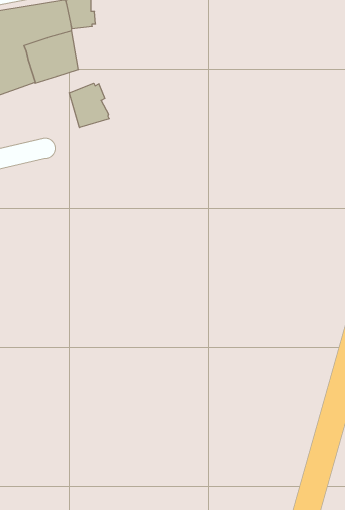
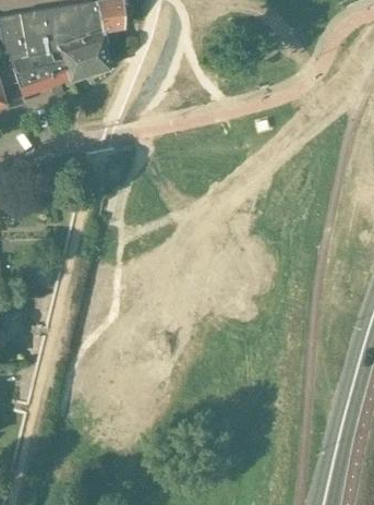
building: [69,83,109,128] -> none

